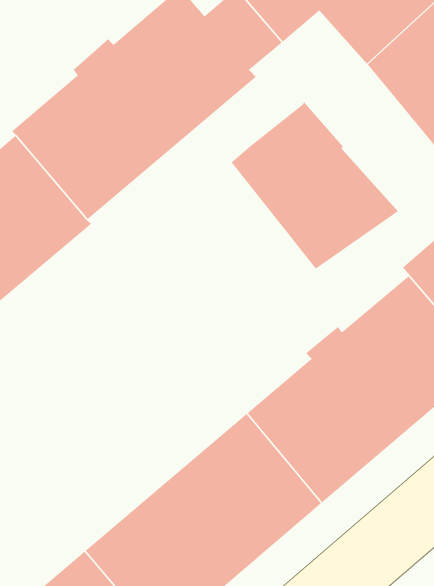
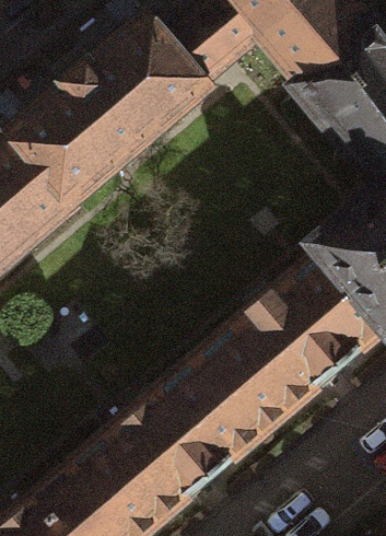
building: [231,102,399,269] -> none

